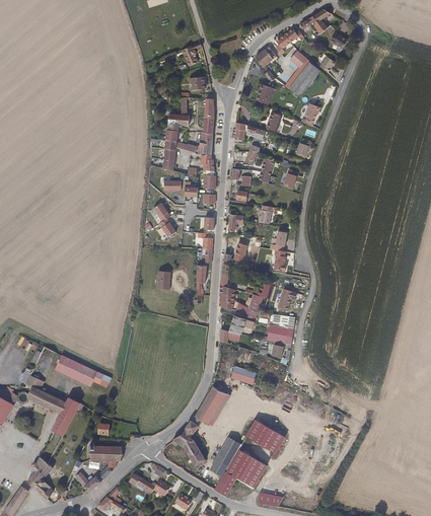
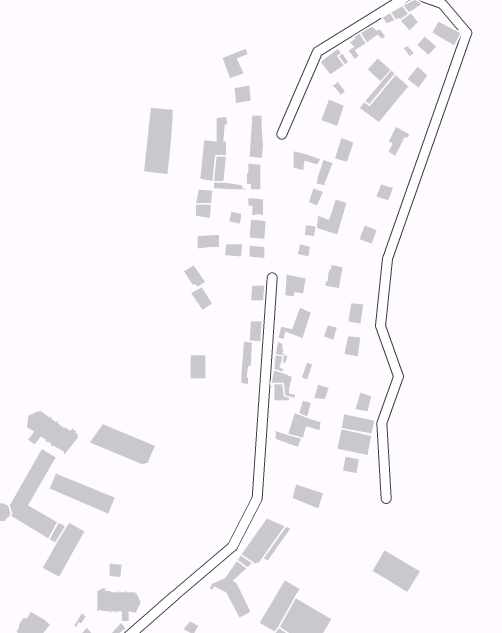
building: none -> [143,107,174,175]
building: none -> [26,410,80,455]
building: none -> [88,423,156,465]
building: [244,422,281,454] -> [372,549,421,593]

